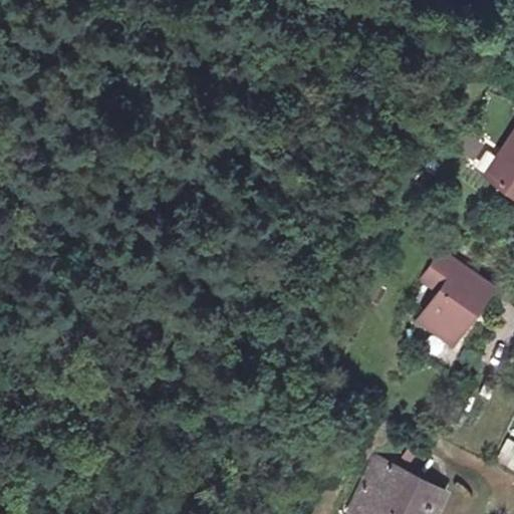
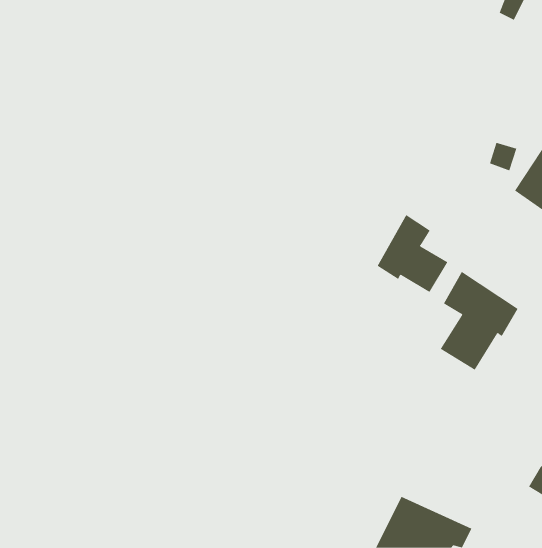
building: none -> [377,214,448,293]

